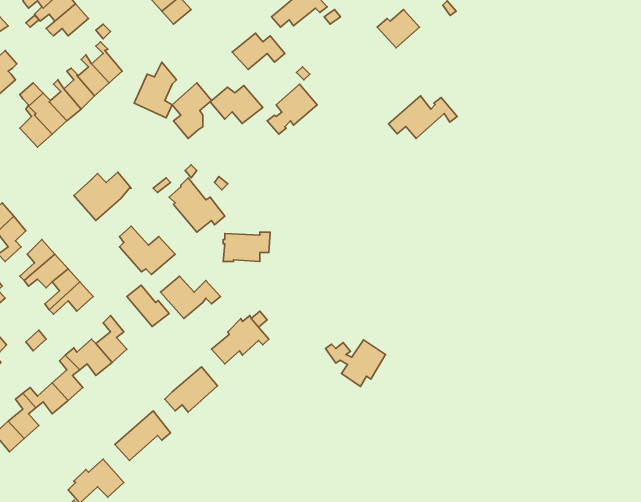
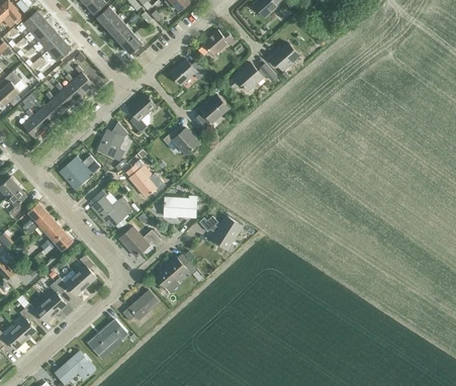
building: [134,62,176,118] -> [97,122,126,161]
building: [210,86,263,124] -> [162,128,198,155]
building: [388,96,457,138] -> [227,63,275,92]
building: [127,285,169,326] -> none
building: [325,340,386,387] -> [200,216,242,249]

